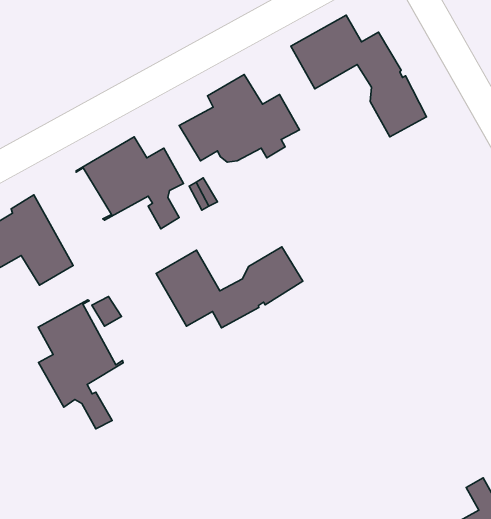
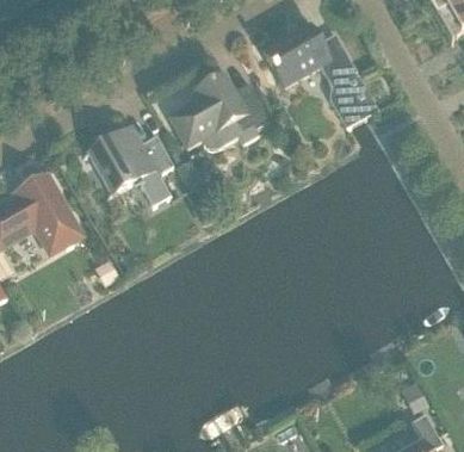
building: [156,247,303,328] -> none
building: [38,300,123,429] -> none

